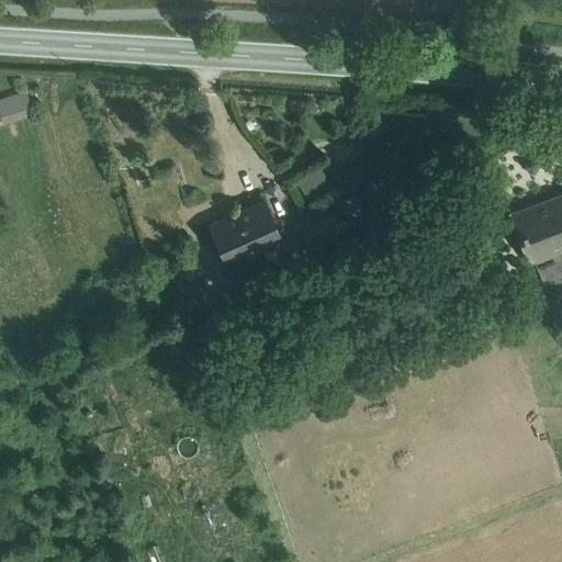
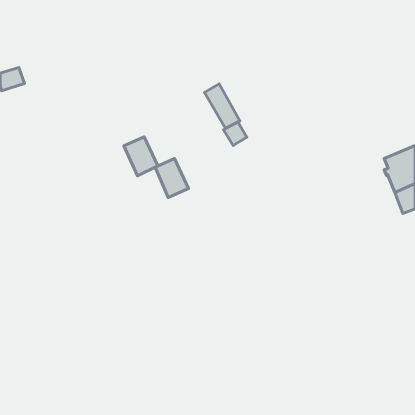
building: none -> [204,84,240,129]
building: [236,202,282,255] -> [124,137,158,176]

